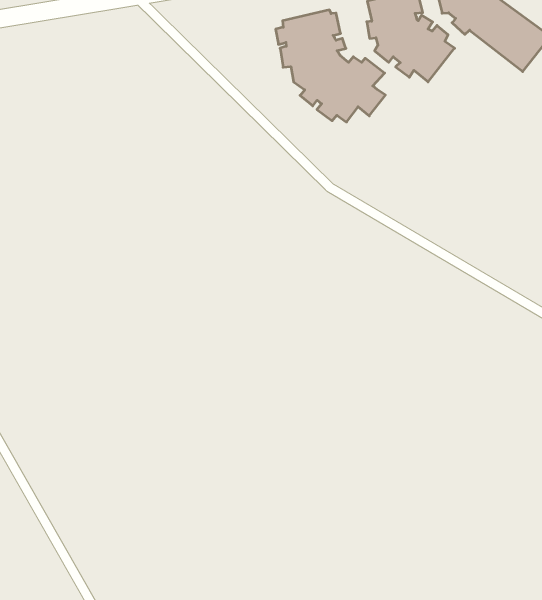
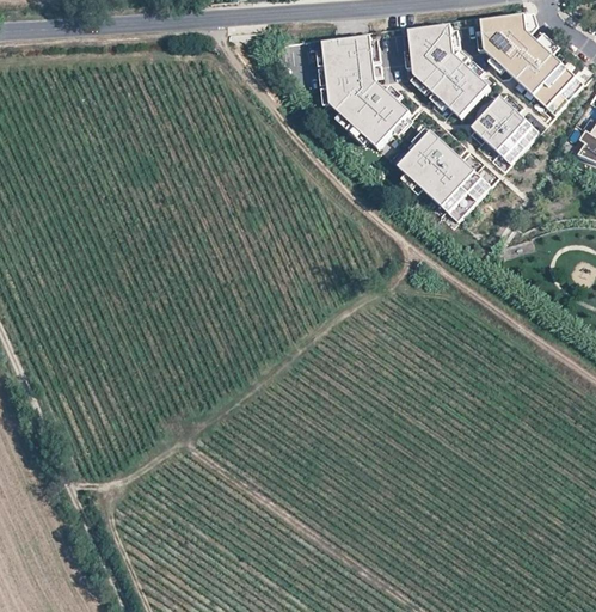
building: none -> [471,94,534,158]
building: none -> [400,104,487,213]

